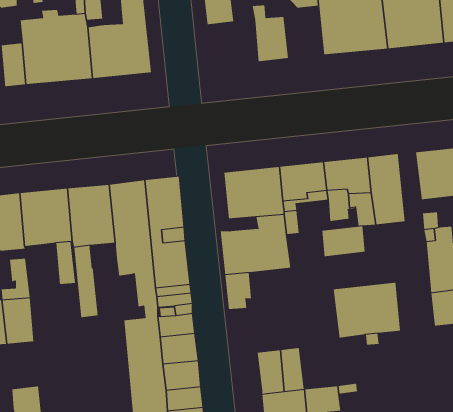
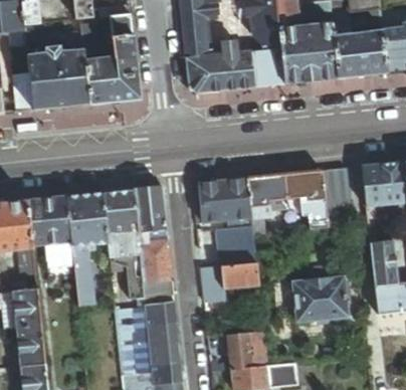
building: none -> [250,42,283,86]
building: none -> [185,54,228,92]
building: [322,226,366,257] -> [221,263,258,289]
building: none -> [16,326,43,366]

